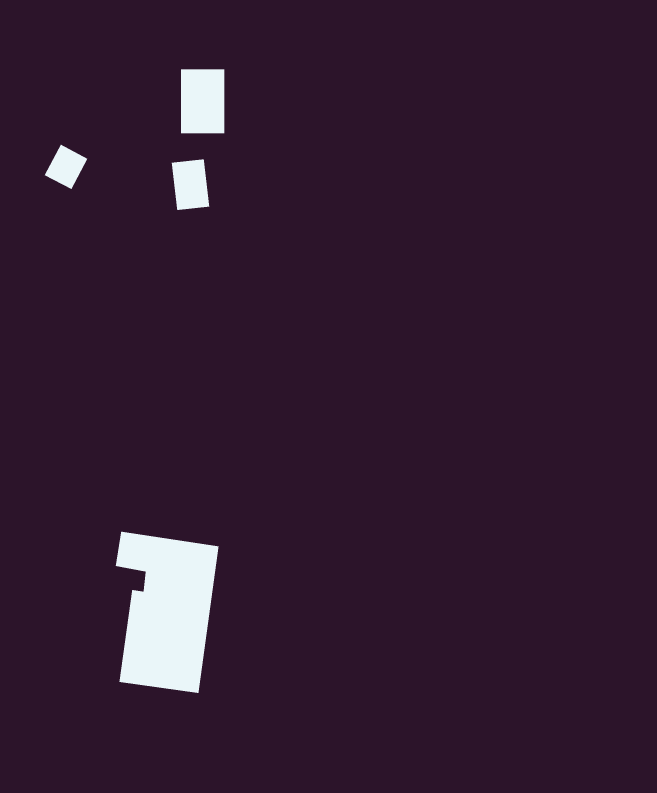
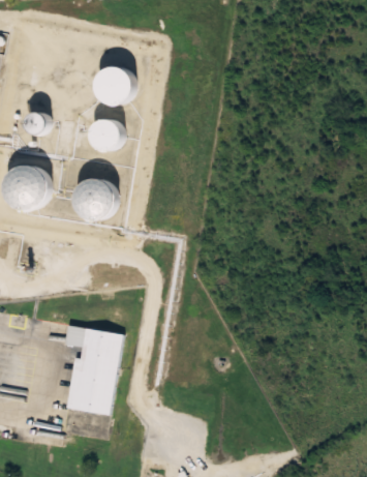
building: none -> [8,165,47,209]
building: none -> [77,181,117,222]

